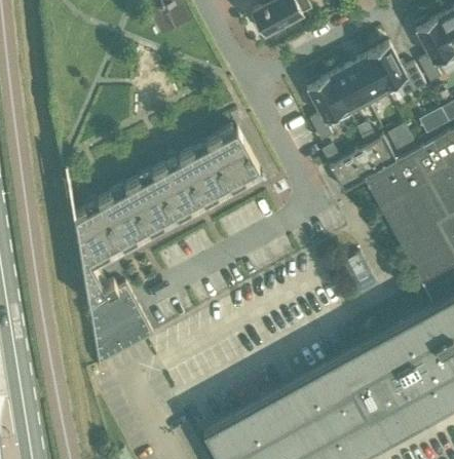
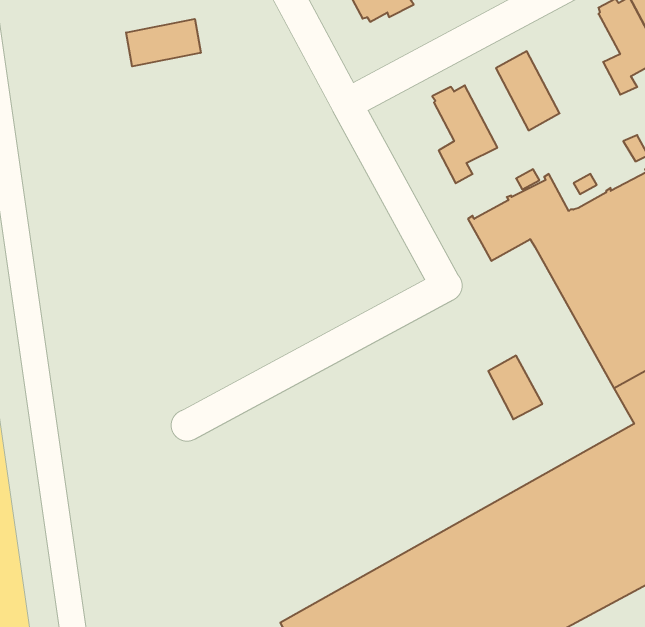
building: none -> [126,19,201,66]
building: [368,44,425,98] -> none
building: [327,66,369,118] -> none
building: [65,129,259,366] -> none

